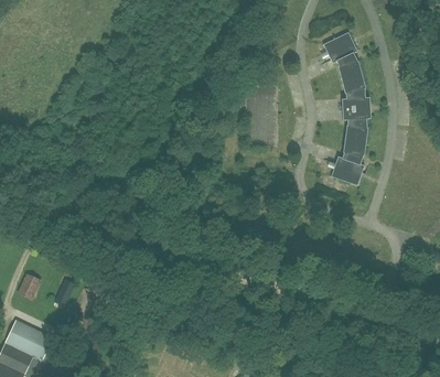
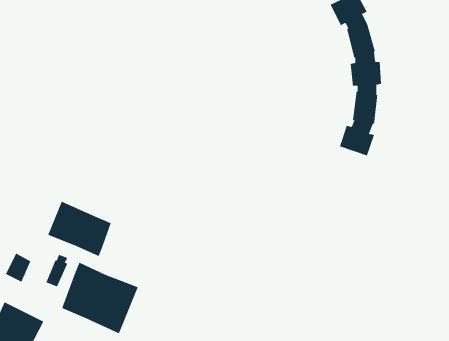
building: none -> [48,201,112,257]
building: none -> [61,262,138,334]

